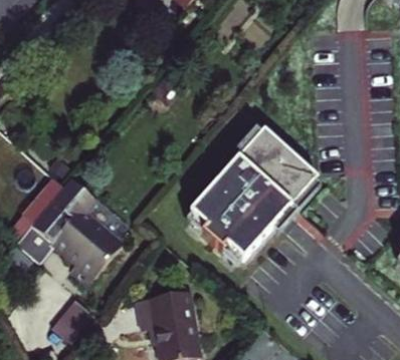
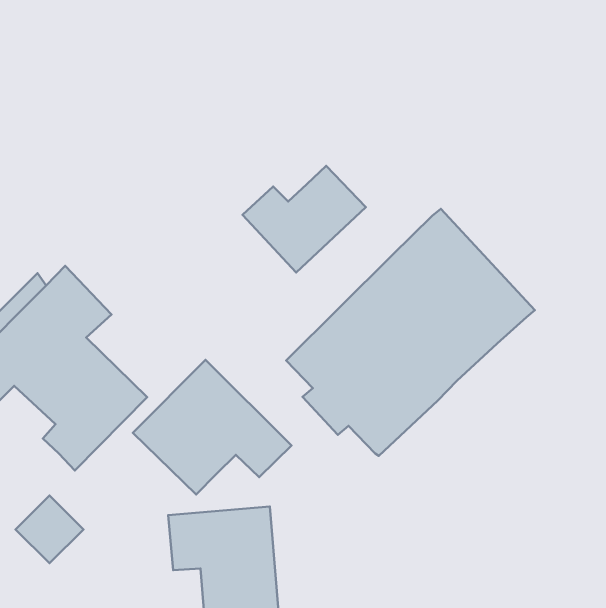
building: none -> [243,166,366,272]
building: none -> [133,360,291,495]

